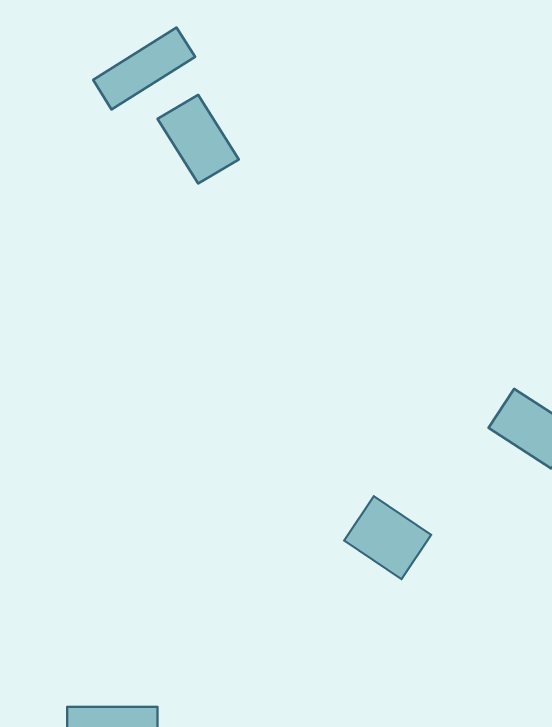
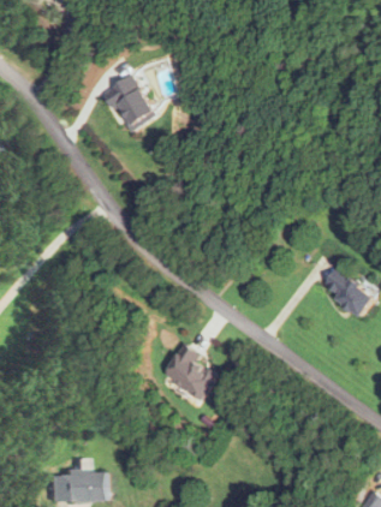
building: [93,27,195,109] -> none
building: [344,496,431,579] -> [162,347,219,401]

